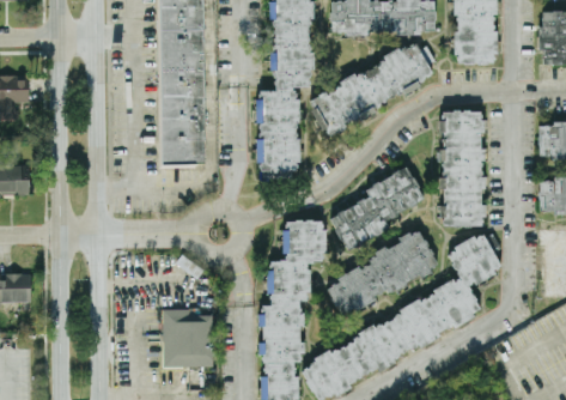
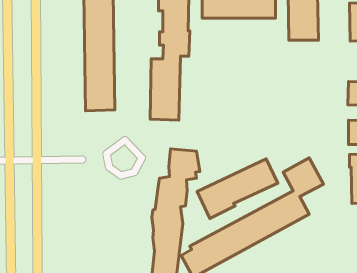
building: [306,44,436,128] -> none
building: [436,109,485,225] -> none
building: [328,169,424,249] -> none
building: [162,308,213,366] -> none

